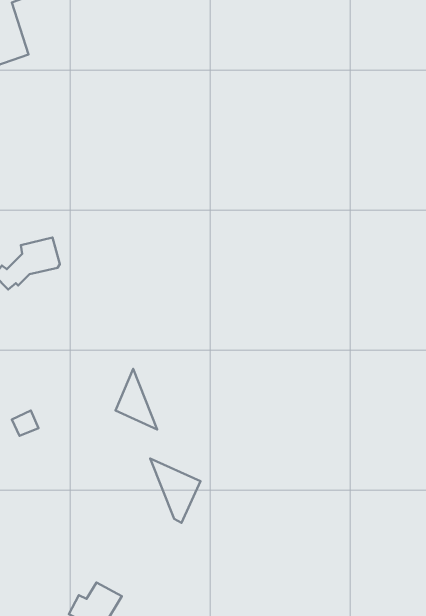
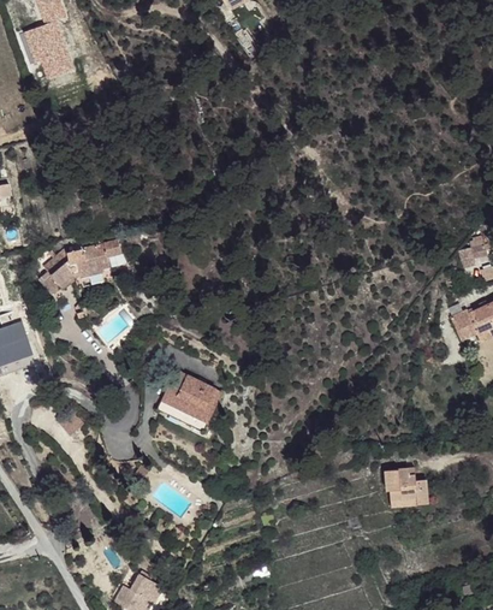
building: [150,458,201,523] -> [173,368,221,430]
building: none -> [386,470,428,508]

